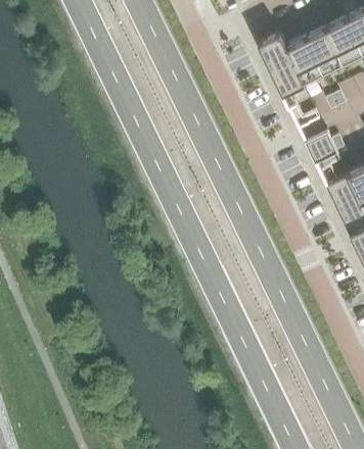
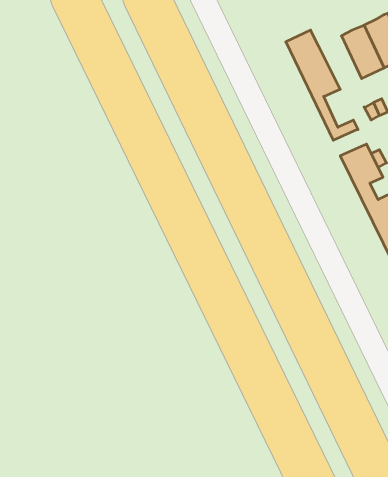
building: [287,37,324,83] -> none

